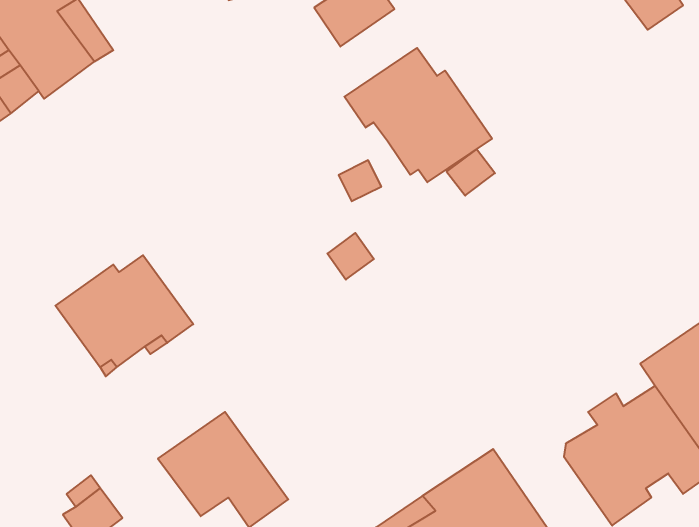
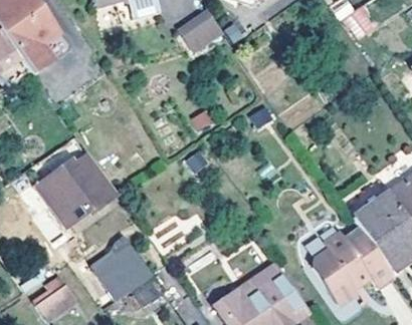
building: [344,48,492,182] -> none

